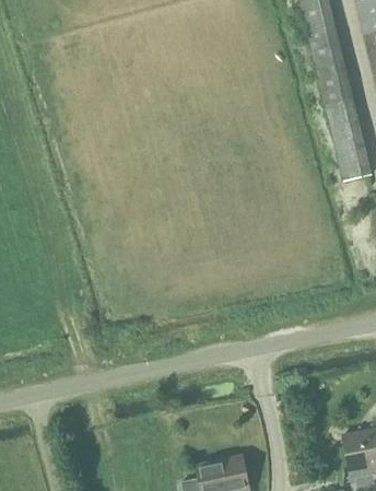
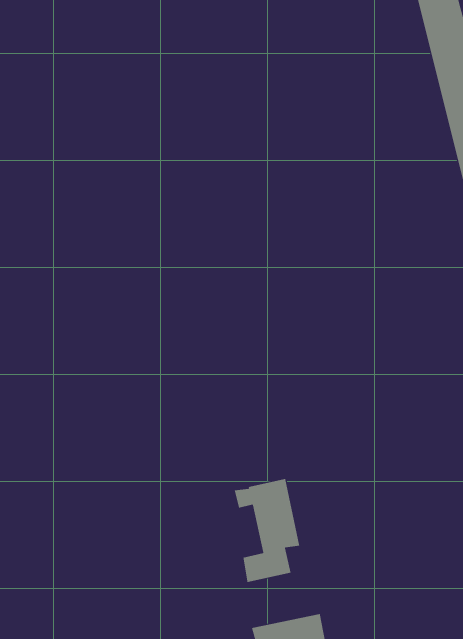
building: none -> [234,478,300,583]

